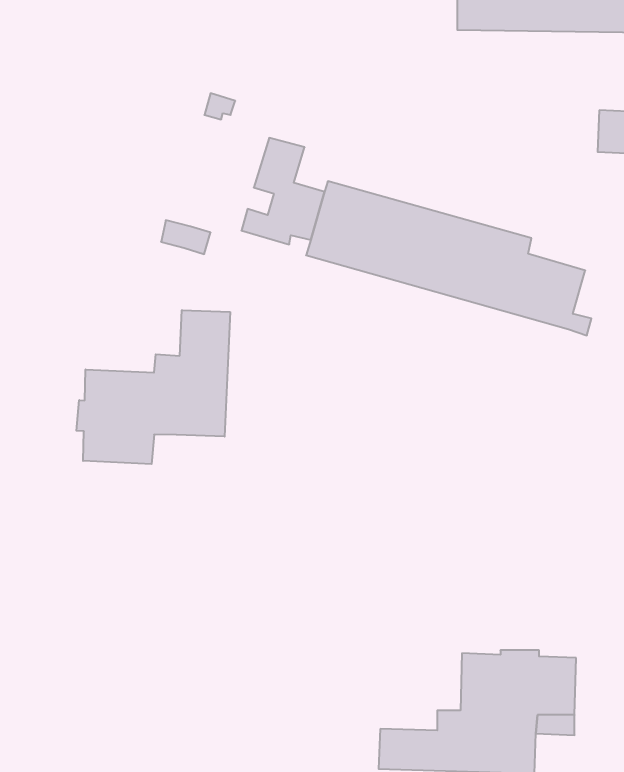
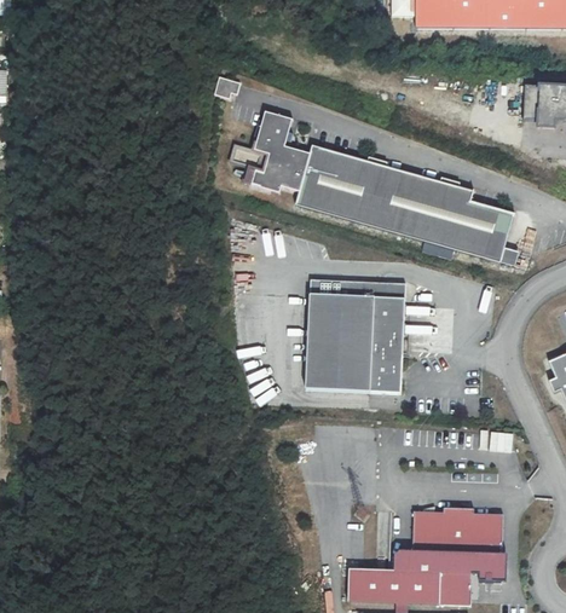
building: [161,220,211,254] -> [231,144,270,170]
building: [76,310,230,464] -> none
building: none -> [305,279,405,393]

